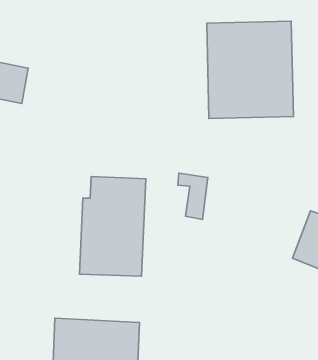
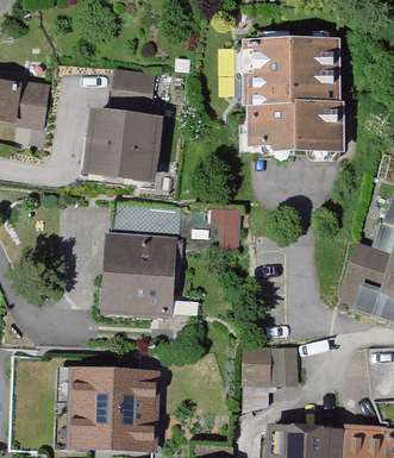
building: none -> [83,71,160,183]
building: none -> [246,352,300,388]

